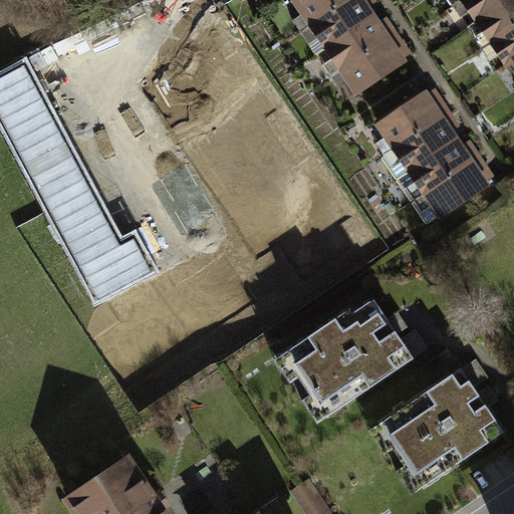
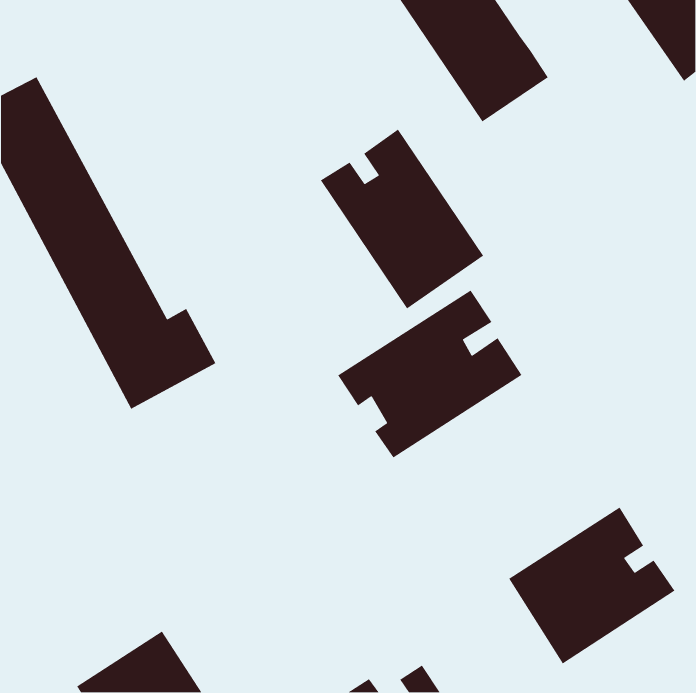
building: [375,86,487,213] -> none
building: none -> [320,129,484,309]
building: [270,301,407,426] -> [337,290,522,458]

